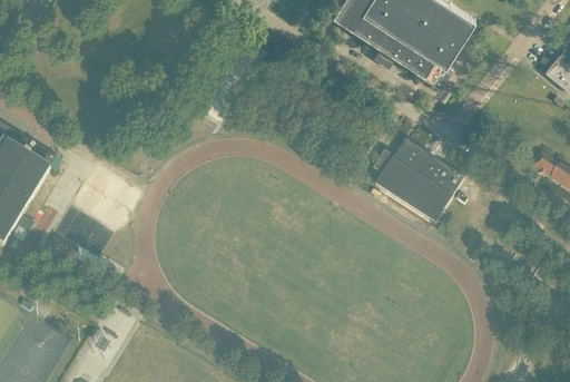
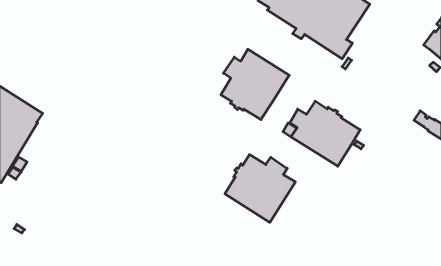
building: none -> [221,49,289,120]
building: none -> [225,155,295,222]

